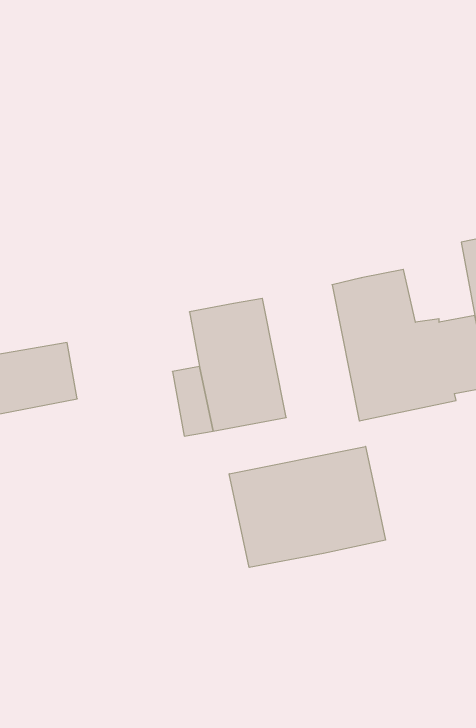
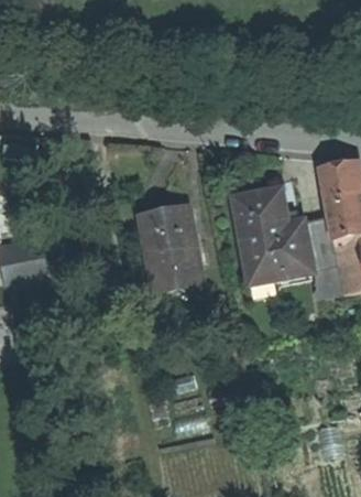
building: [229,446,385,567] -> none

